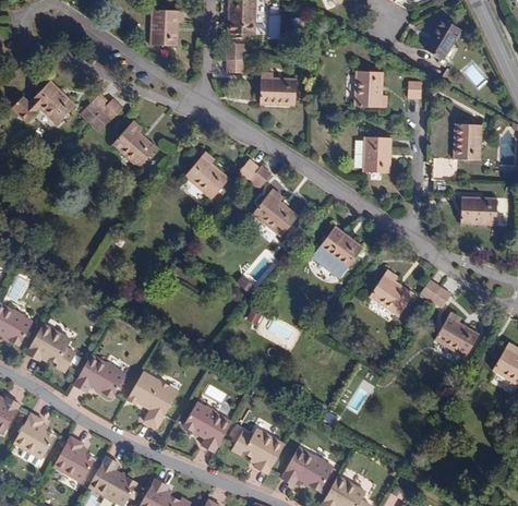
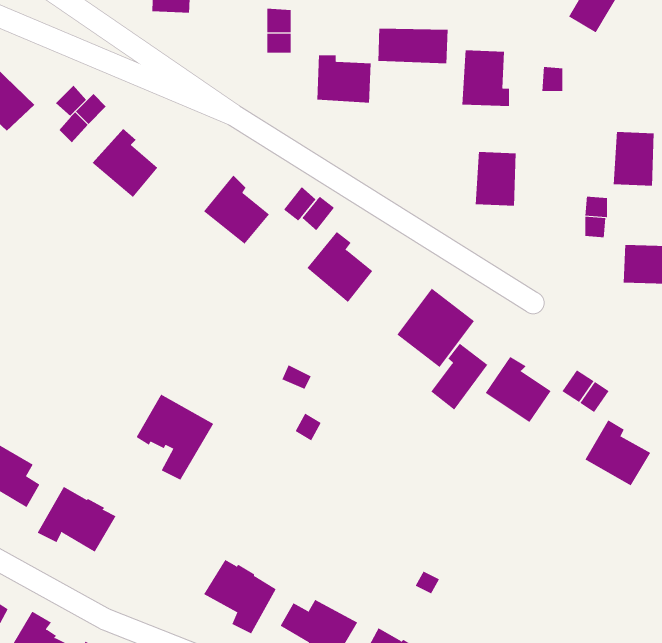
building: none -> [378,28,448,64]
building: none -> [430,343,488,411]
building: [129,372,180,429] -> [136,394,214,480]

